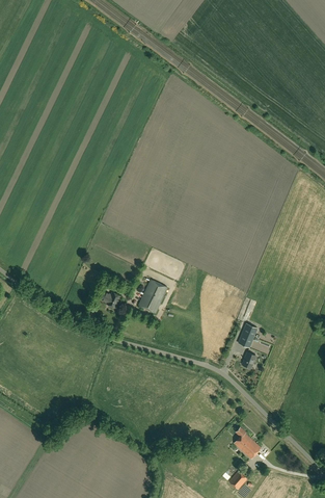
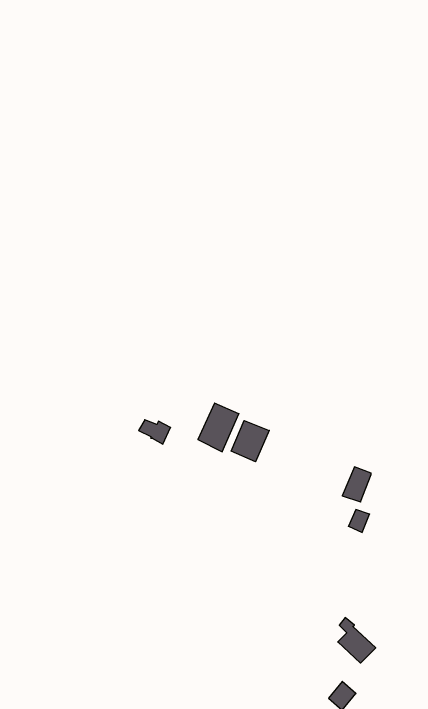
building: none -> [231,421,269,462]

